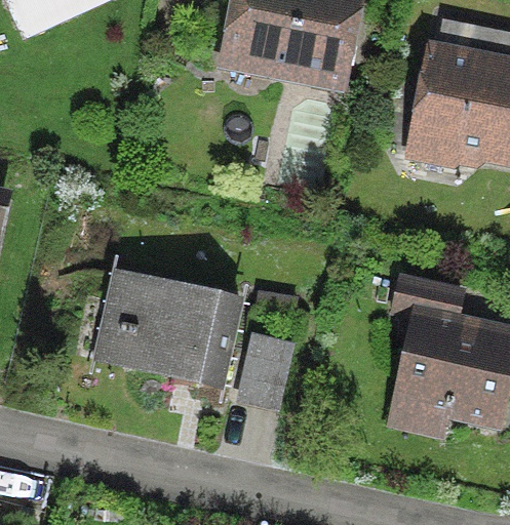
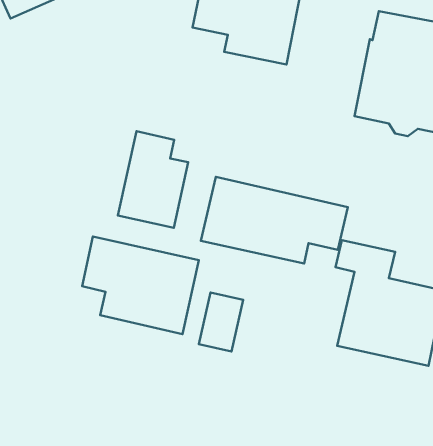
building: none -> [118,131,188,228]
building: none -> [201,177,348,264]

